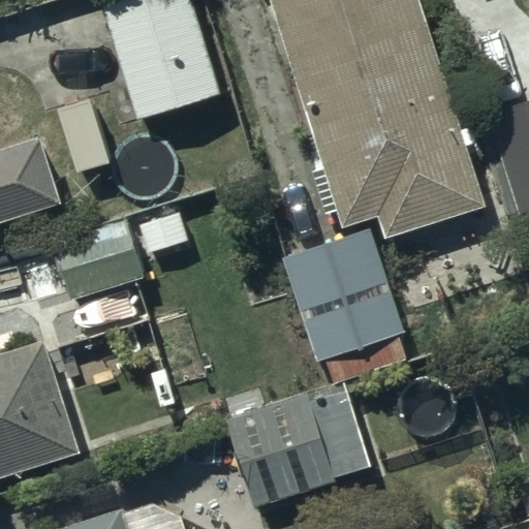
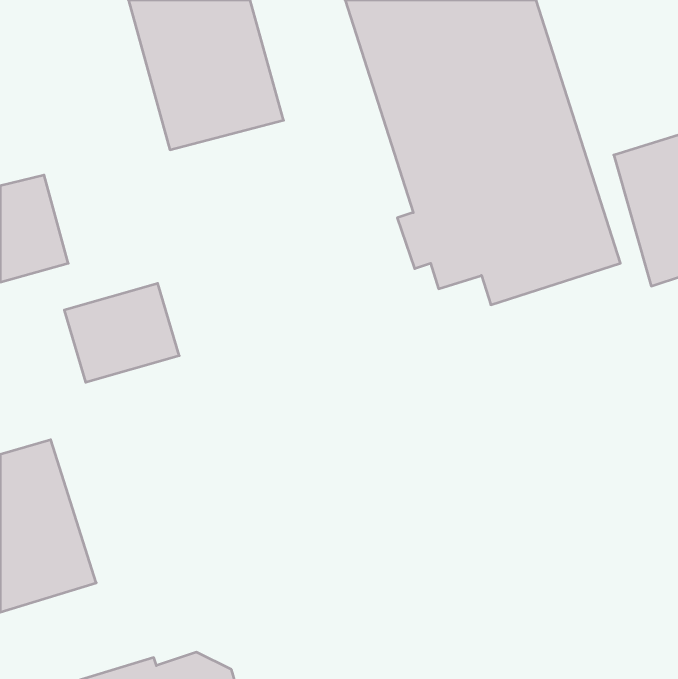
building: [282,230,404,381] -> none
building: [227,386,371,507] -> none

